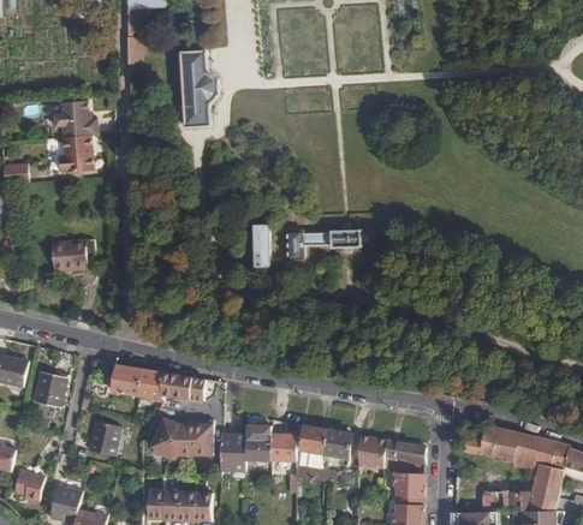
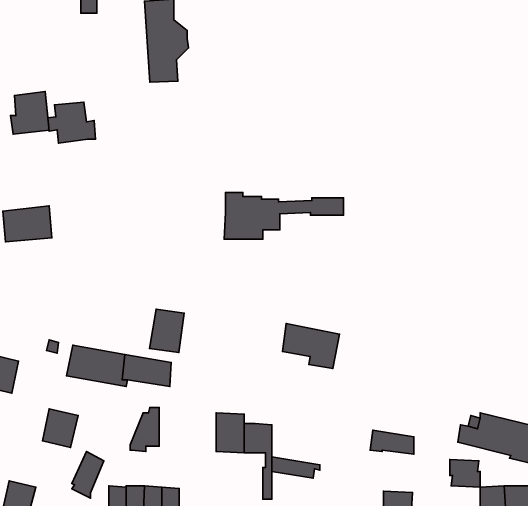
building: [54,100,97,137] -> [48,102,96,143]
building: none -> [149,309,184,353]
building: [150,416,179,458] -> [72,452,104,498]
building: [194,419,214,455] -> none
building: [301,424,352,465] -> [282,323,339,369]
building: [220,432,245,471] -> none
building: [358,434,387,465] -> none
building: [395,471,423,496] -> [450,459,480,487]

